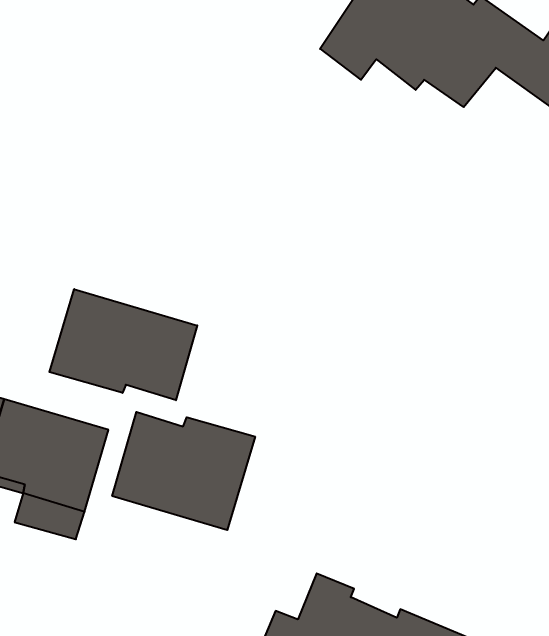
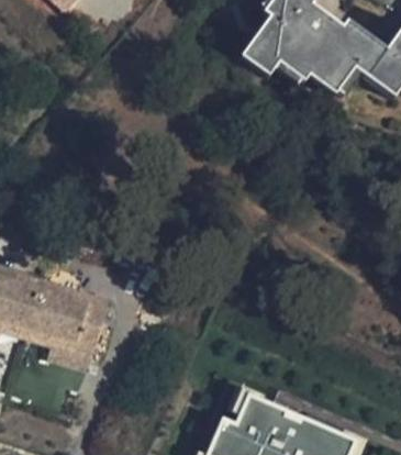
building: [49,289,197,400] -> none
building: [112,412,255,530] -> none

